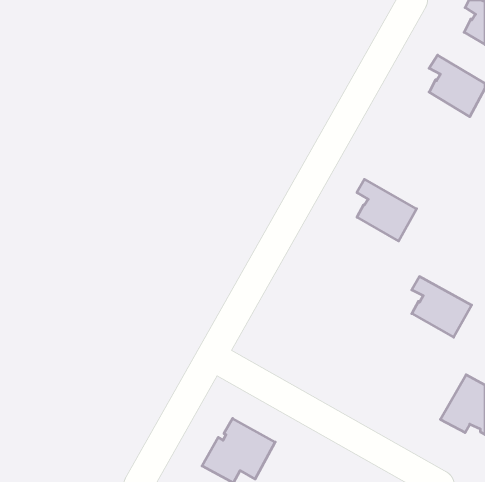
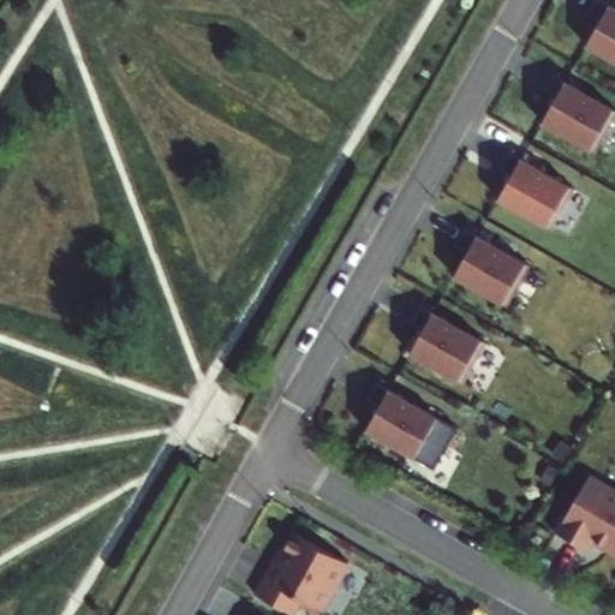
building: none -> [497,151,573,229]
building: [412,277,472,337] -> [408,309,484,386]
building: none -> [365,386,441,462]

